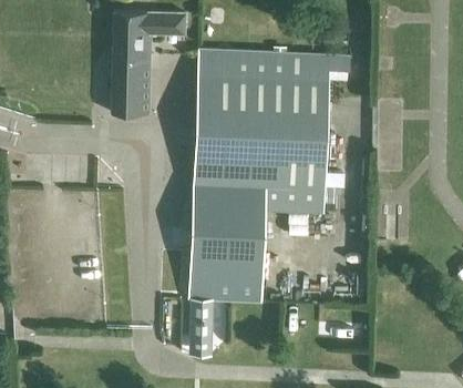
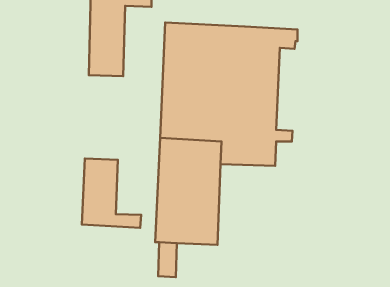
building: none -> [82,159,141,228]

